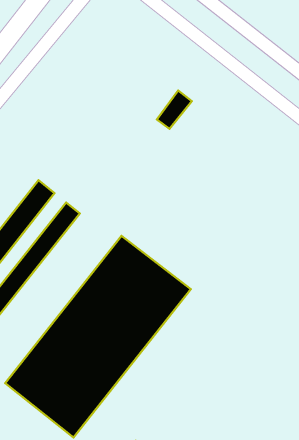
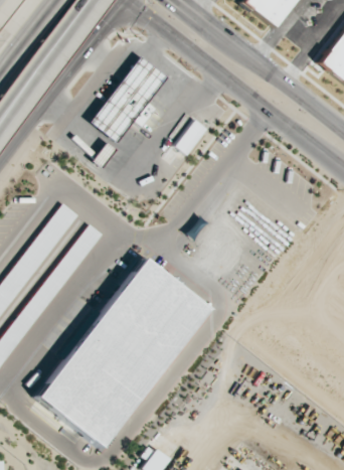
building: none -> [91,56,167,142]

